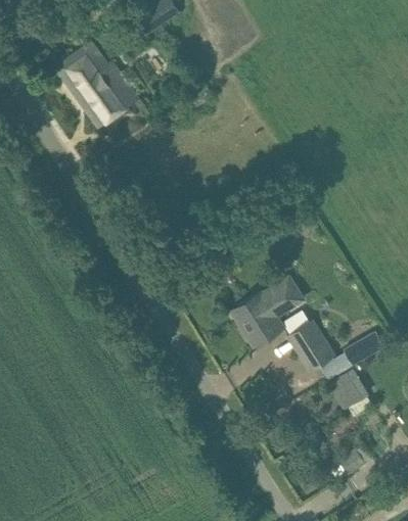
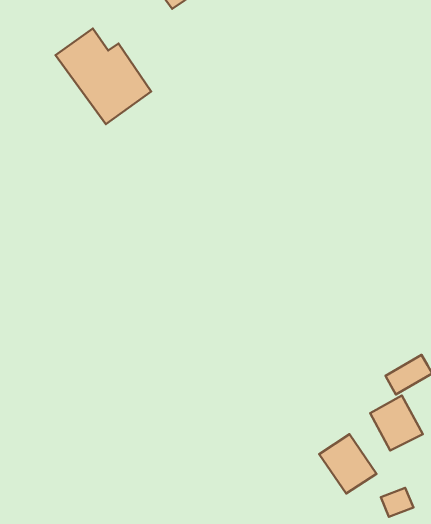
building: [229,276,305,347] -> none
building: [284,319,334,371] -> [319,434,376,494]

